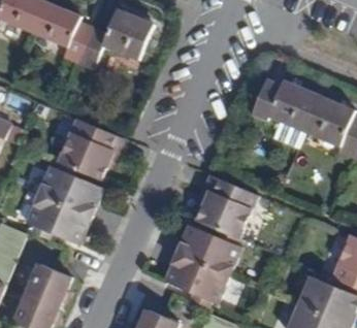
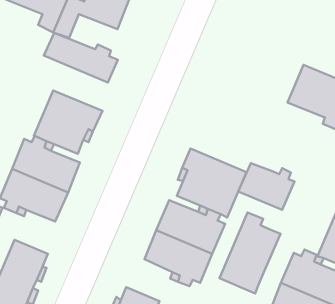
building: none -> [44,33,118,82]
building: [251,79,317,131] -> none
building: none -> [238,163,294,210]
building: none -> [219,213,281,293]

